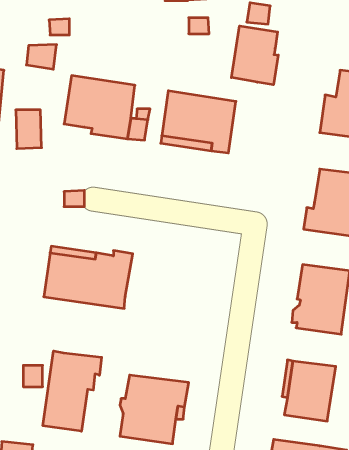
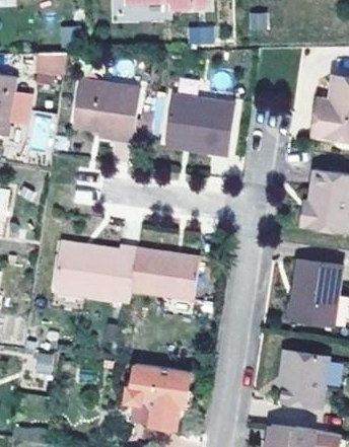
building: [231,26,278,85] -> none
building: none -> [130,249,199,300]
building: [43,351,102,431] -> none

